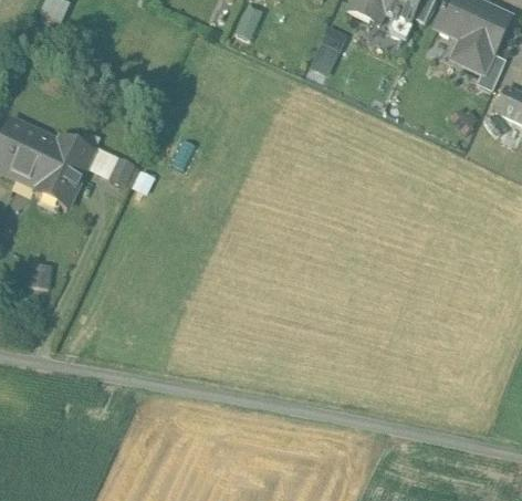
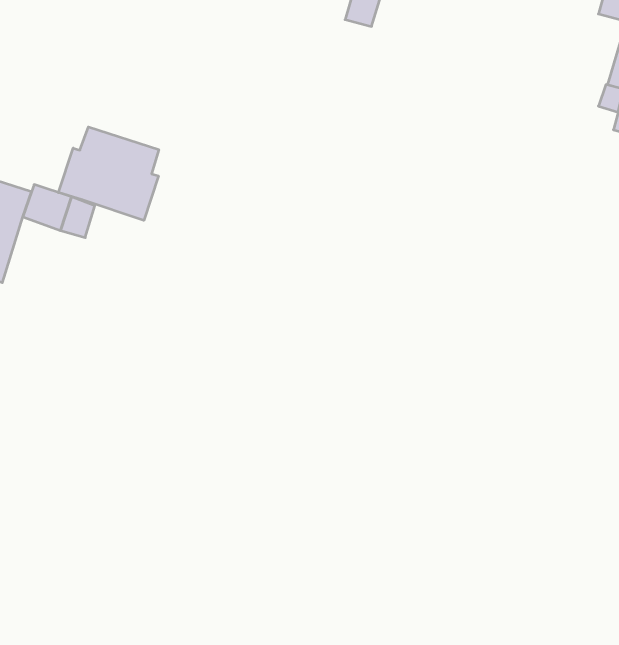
building: none -> [58,127,159,220]

